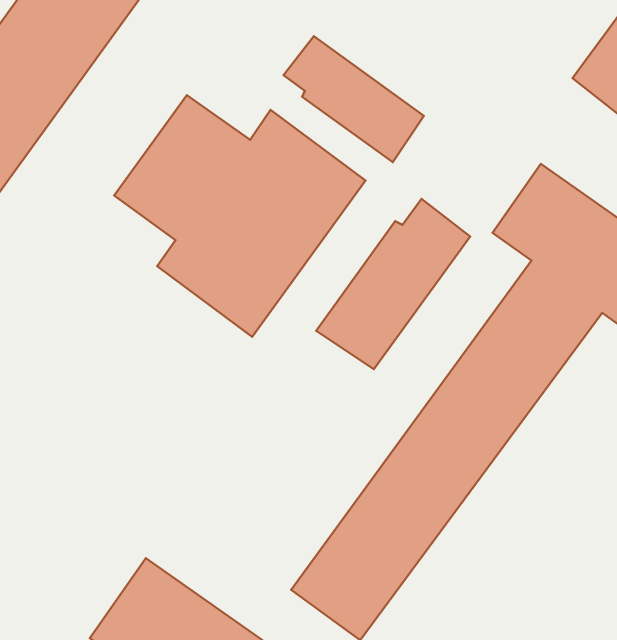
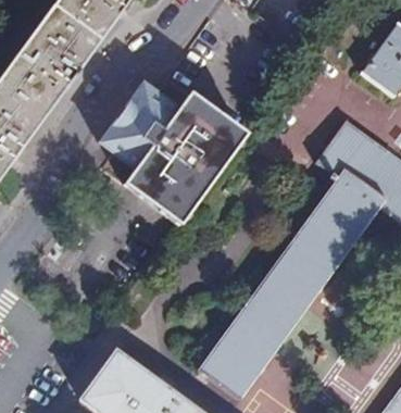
building: [283,36,424,162] -> none
building: [316,199,470,369] -> none

